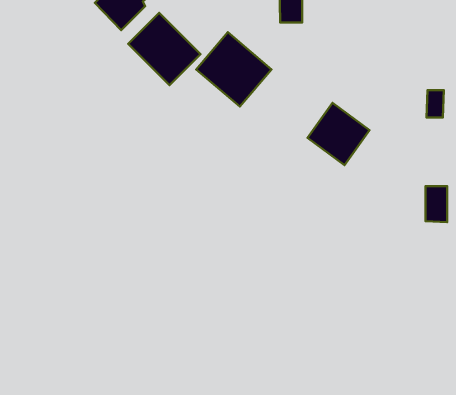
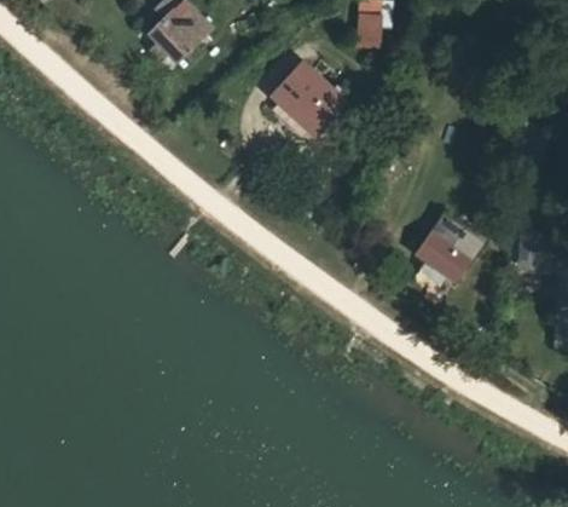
building: [128,13,201,85] -> none
building: [307,103,370,165] -> [422,220,491,289]

